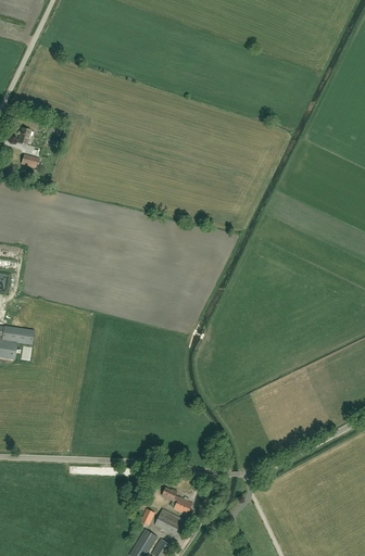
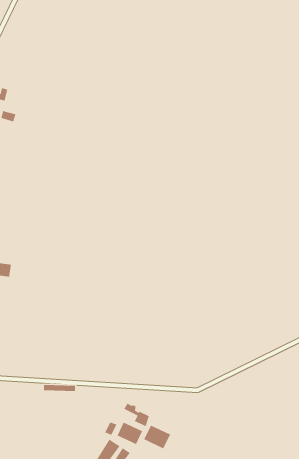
building: none -> [143,424,171,449]

